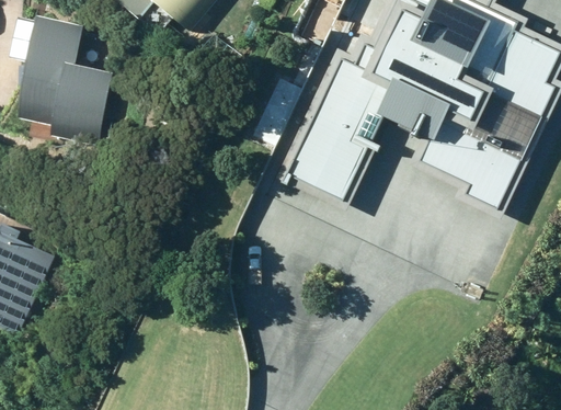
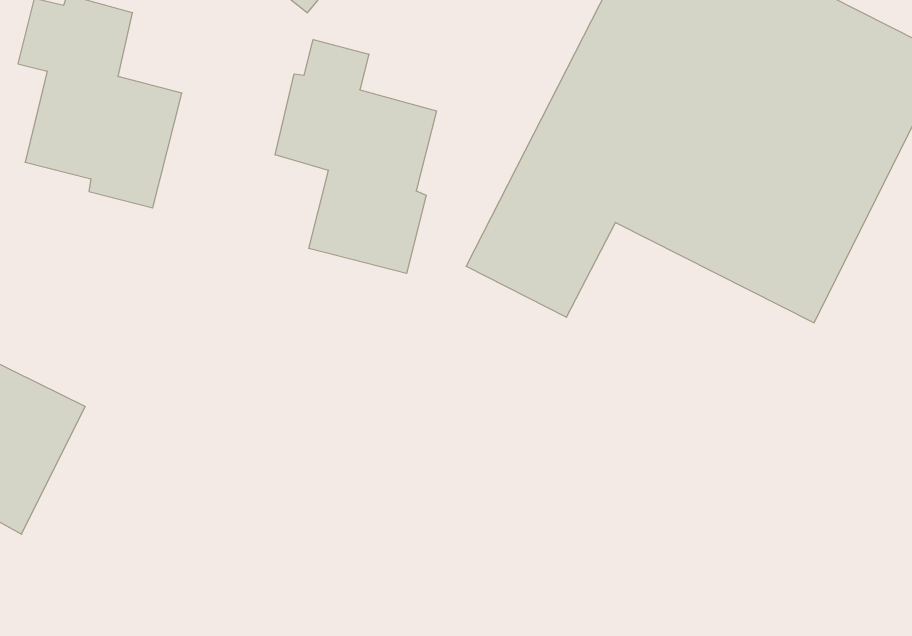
building: none -> [275,40,437,273]

